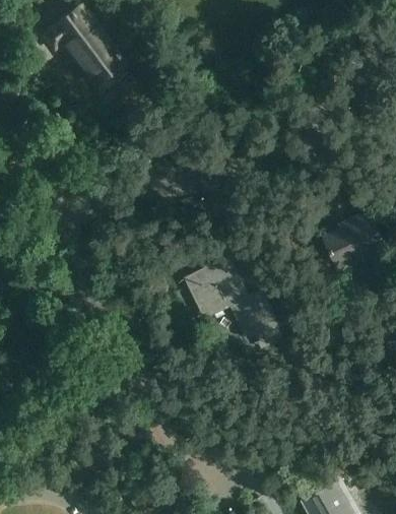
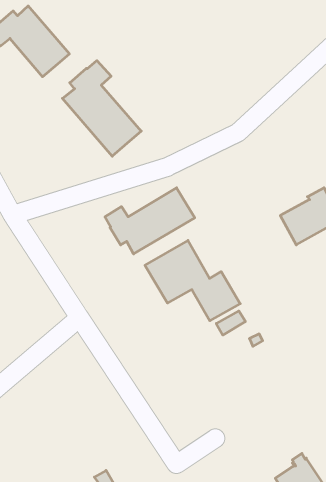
building: none -> [62,61,141,156]
building: none -> [105,188,195,254]

